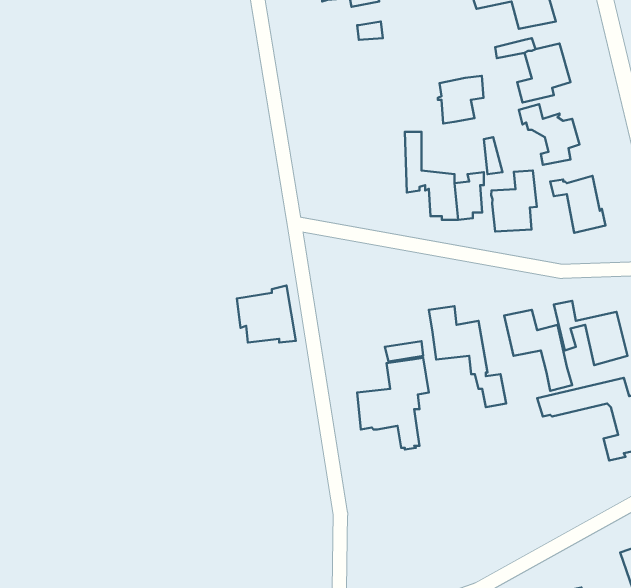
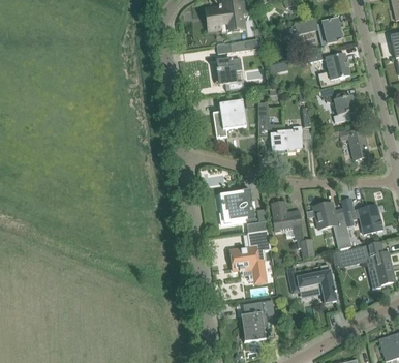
building: [438,76,484,124] -> [216,57,242,84]
building: none -> [213,99,246,138]
building: [491,171,537,232] -> none
building: [237,286,296,343] -> [222,188,255,220]
building: none -> [287,264,336,302]
building: none -> [240,300,275,341]

